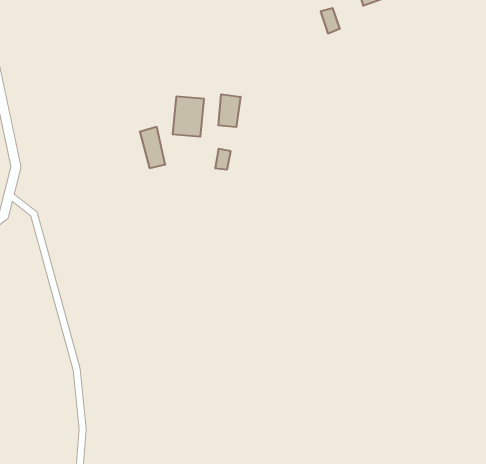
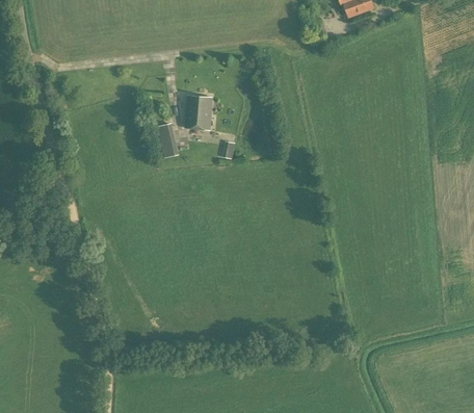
building: [218,94,241,127] -> none

